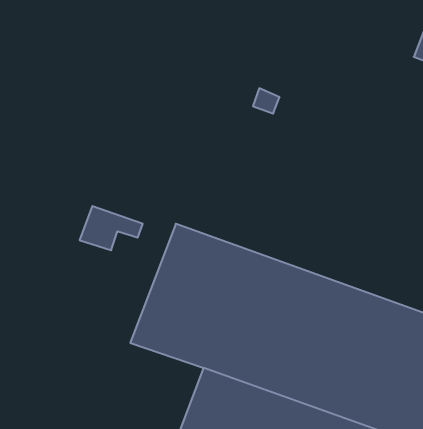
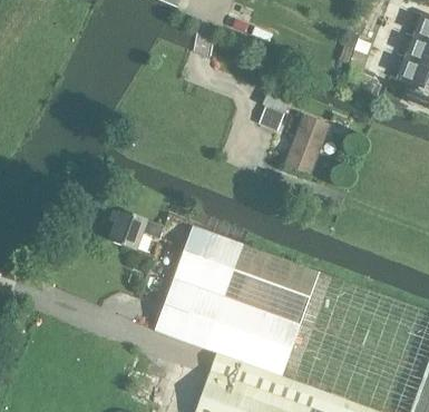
building: none -> [286,115,330,173]

